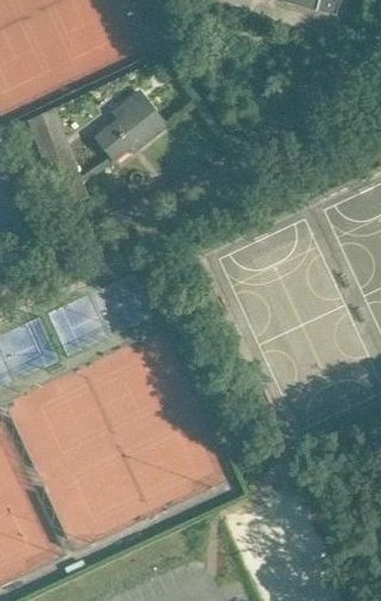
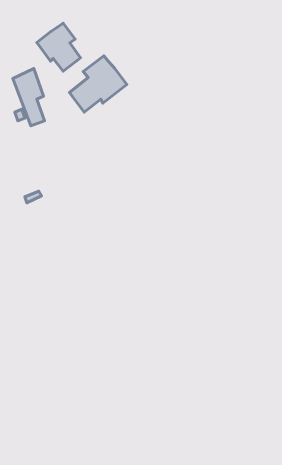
building: none -> [37,23,81,71]

